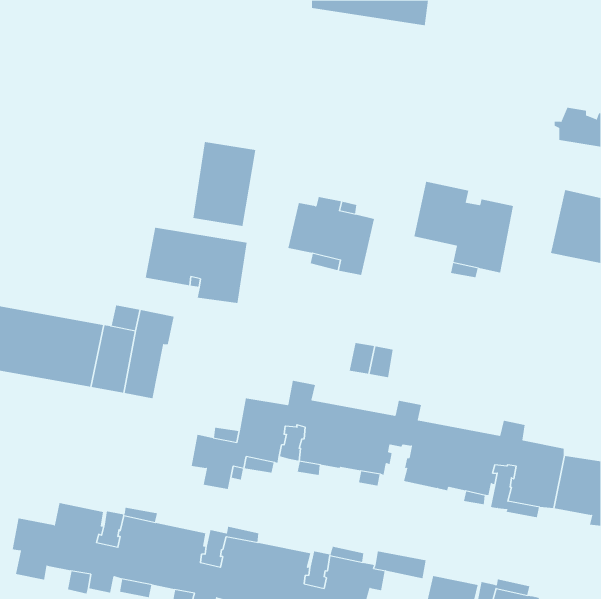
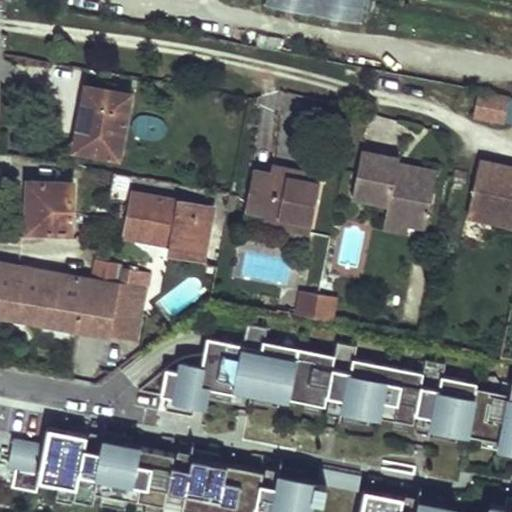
building: [192,142,256,226] -> [74,84,128,156]
building: none -> [26,183,71,234]
building: none -> [327,380,371,426]

